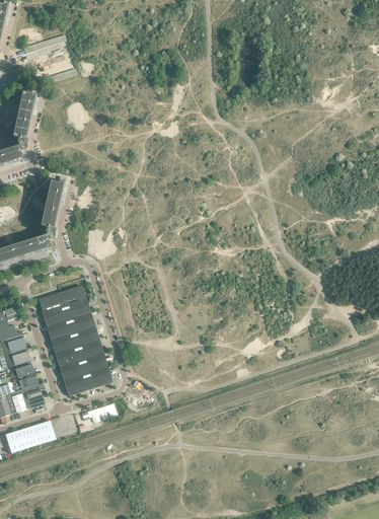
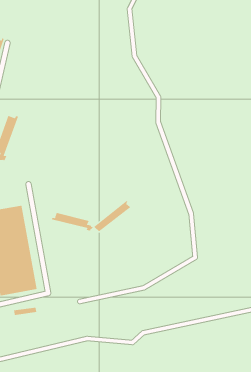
building: none -> [51,200,131,232]

